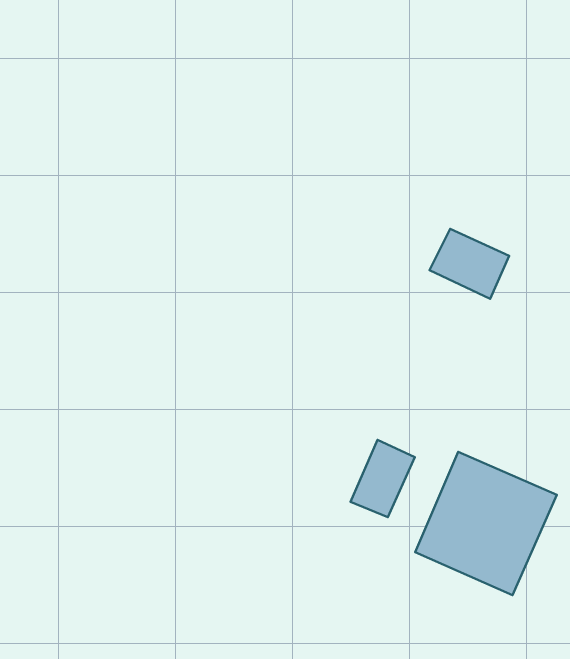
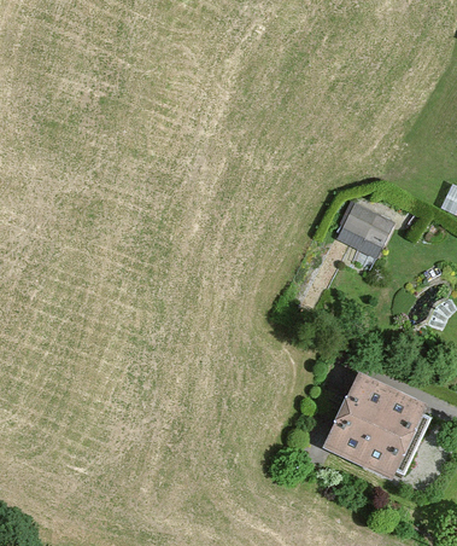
building: [350,440,415,517] -> none

